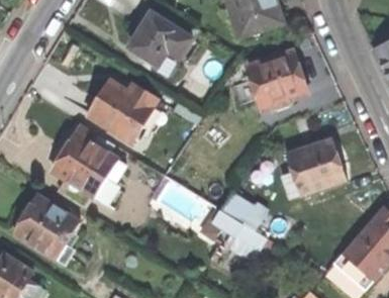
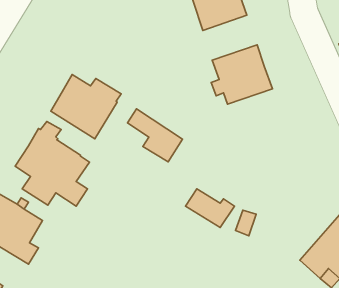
building: [129,14,191,65] -> none
building: [283,138,346,200] -> none
building: [211,209,266,262] -> [127,109,182,162]

